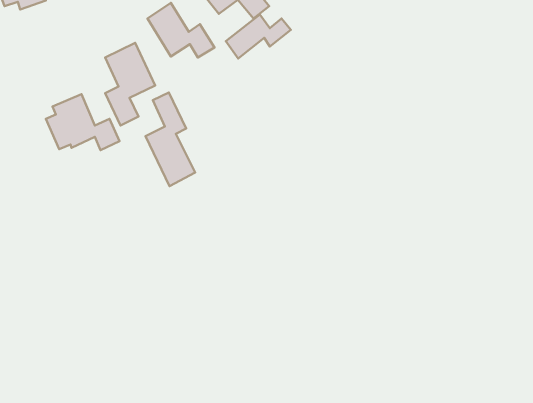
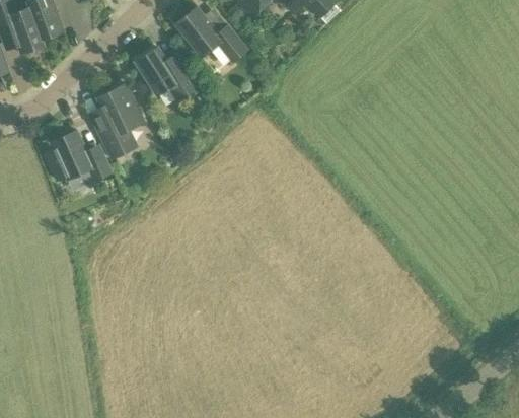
building: [226,14,291,58] -> none
building: [146,92,195,186] -> none

